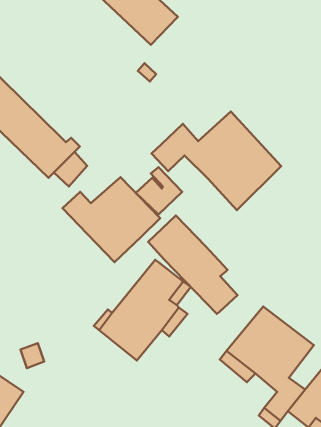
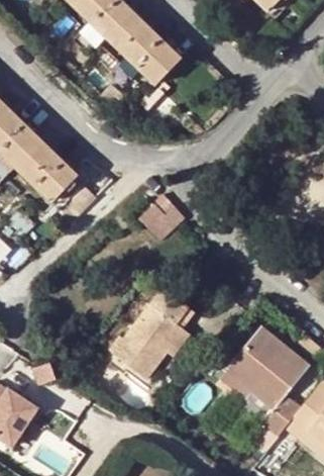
building: [152,112,281,210] -> none
building: [63,177,160,262] -> none
building: [148,215,238,314] -> none

